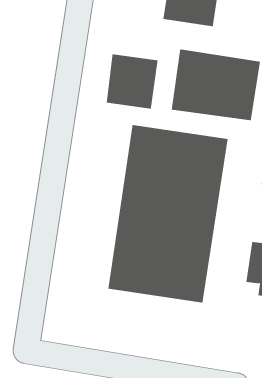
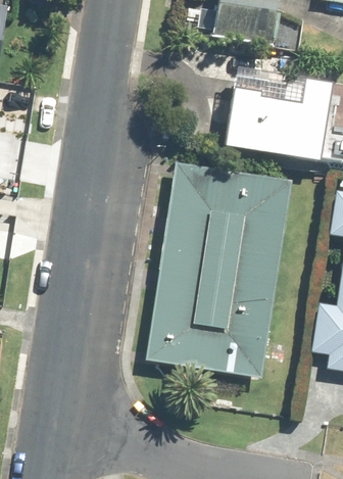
building: [106,54,158,109] -> none

